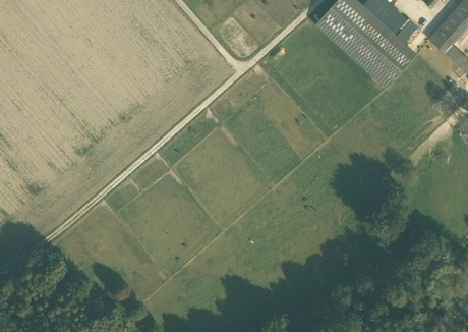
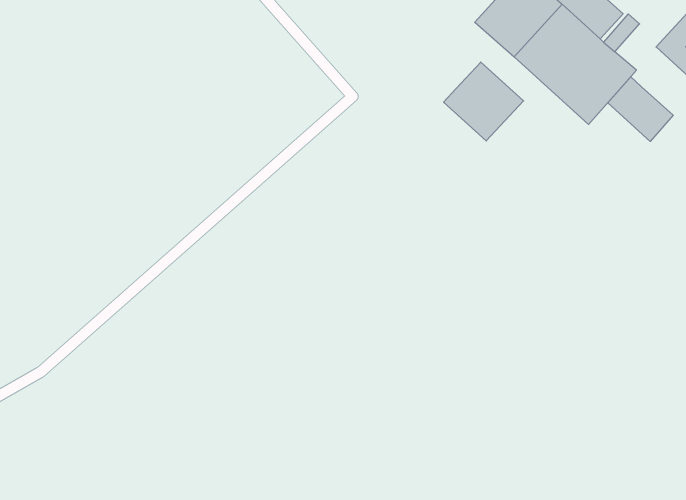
building: none -> [444,62,524,141]
building: none -> [608,77,673,141]

